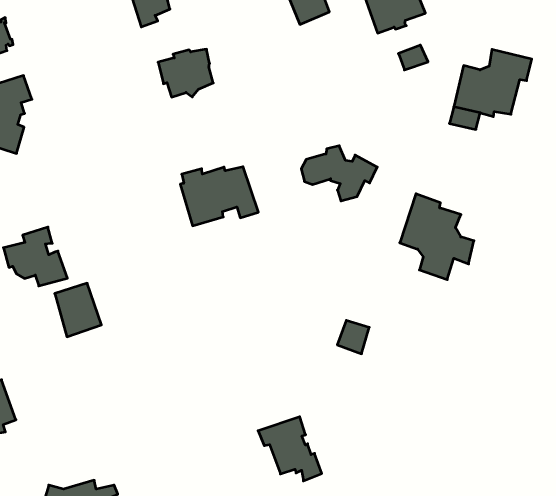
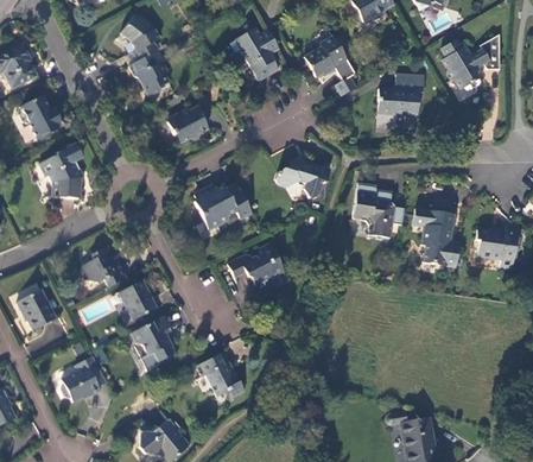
building: none -> [413,208,457,266]
building: none -> [228,242,284,287]
building: none -> [131,316,173,361]
building: [258,417,322,481] -> [196,353,245,397]

